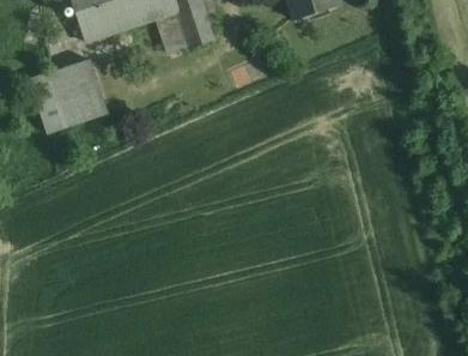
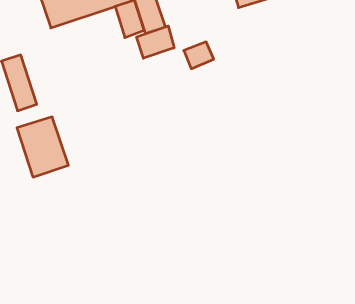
building: none -> [137,26,174,58]
building: [50,59,108,126] -> [17,117,68,177]

